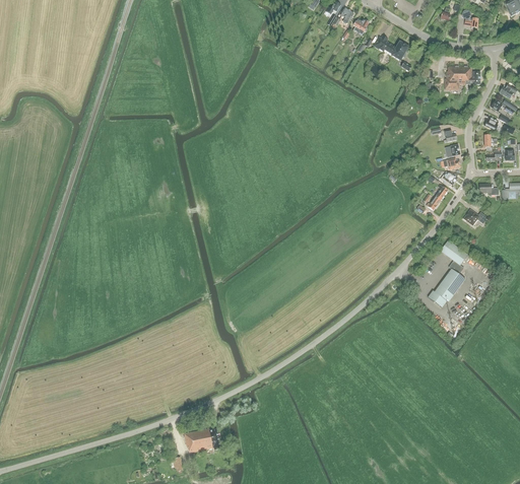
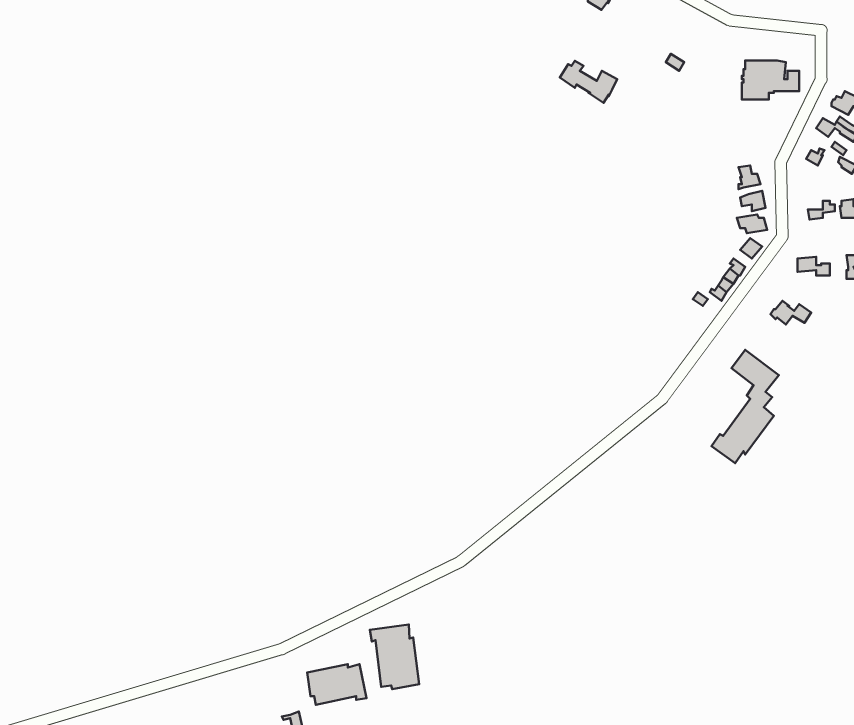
building: [374,34,408,60] -> [560,61,617,103]
building: none -> [370,625,419,689]

